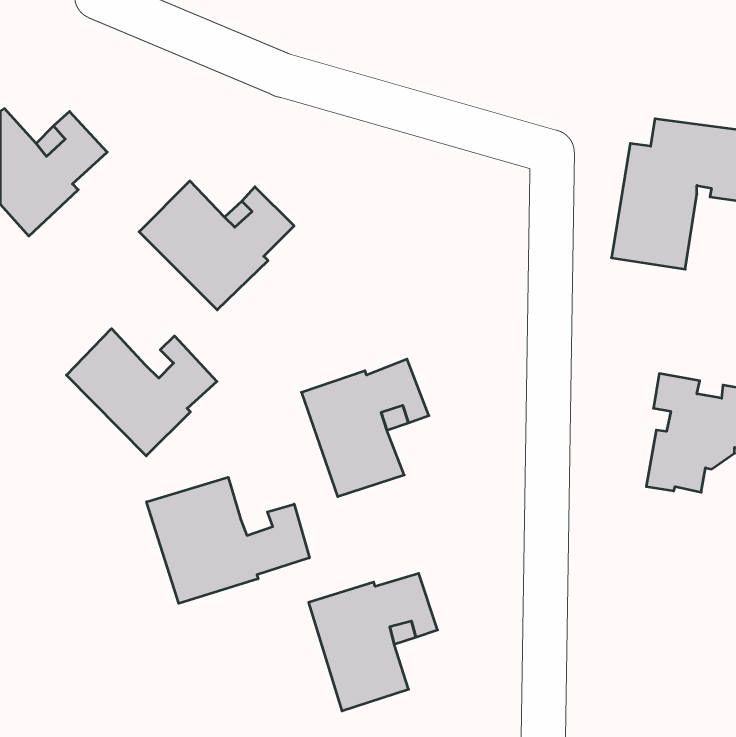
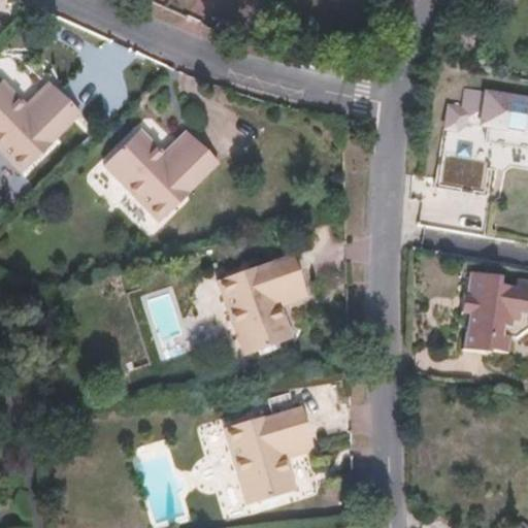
building: [66,329,217,456] -> none
building: [147,477,309,603] -> none

